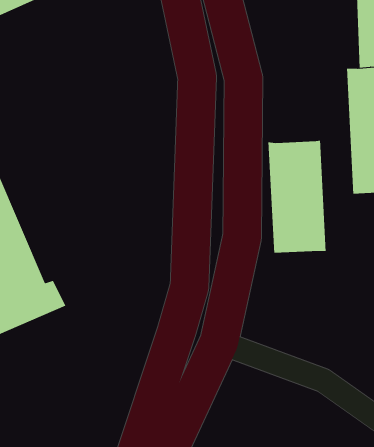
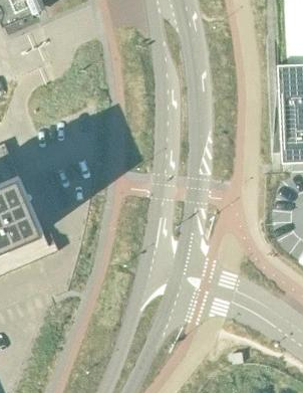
building: [268,140,326,254] -> none

